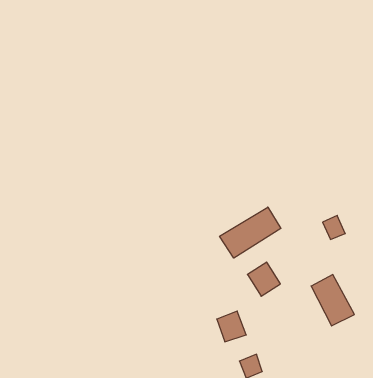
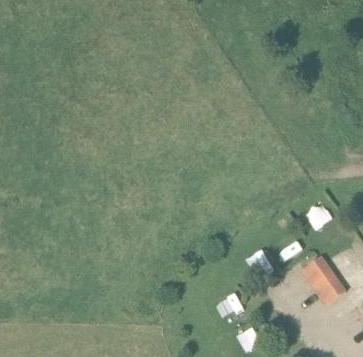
building: [220,207,281,258] -> none

